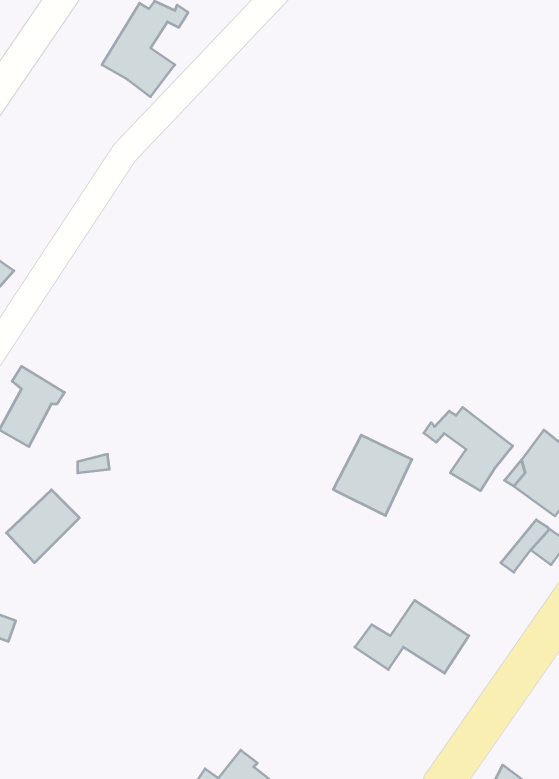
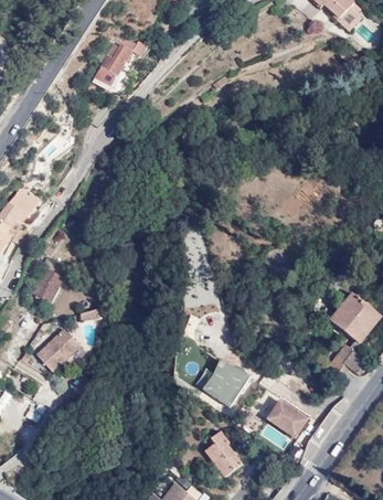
building: [424,407,513,491] -> none
building: [333,435,412,516] -> [201,354,247,402]
building: none -> [204,432,241,478]

